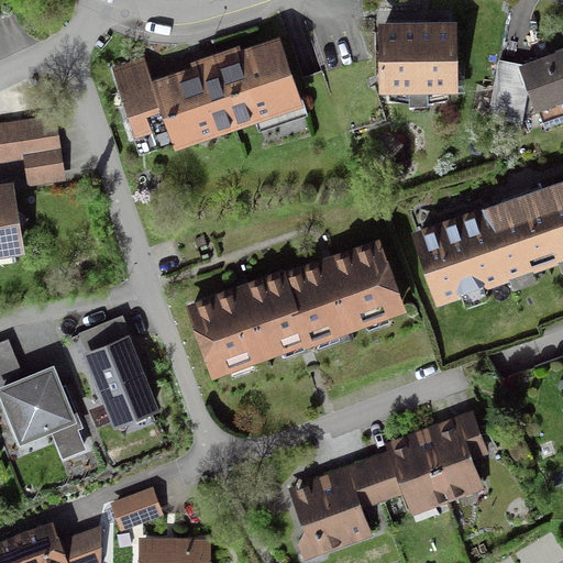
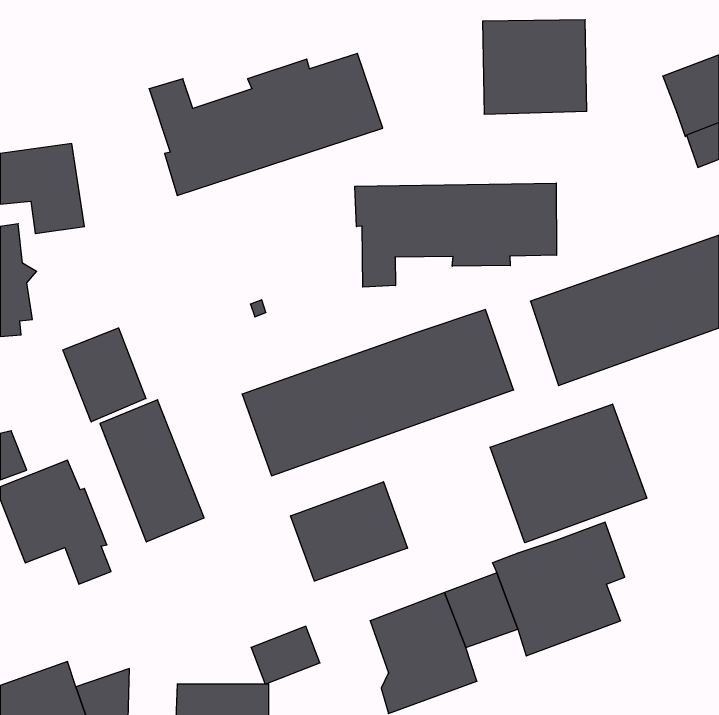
building: [488,60,529,124] -> none
building: none -> [355,183,557,287]
building: none -> [63,328,146,422]
building: none -> [490,404,647,543]
building: none -> [291,482,408,581]
building: [110,487,164,532] -> [251,626,320,684]

